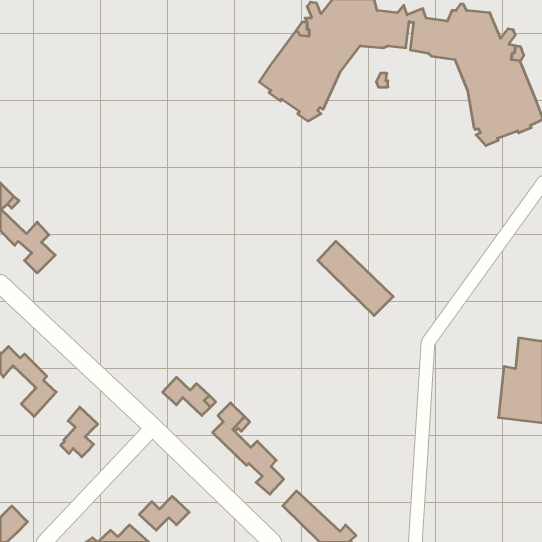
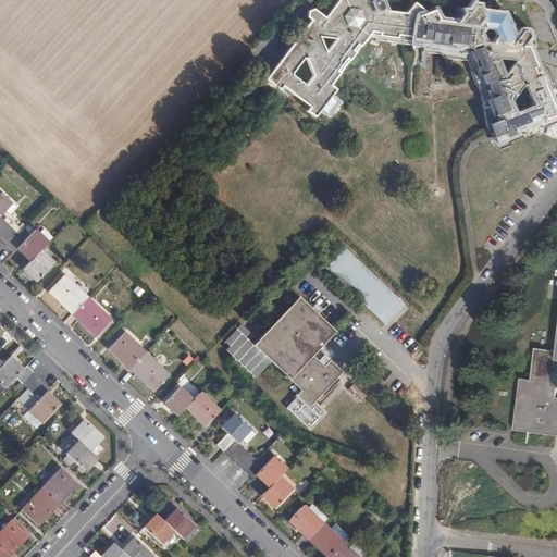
building: none -> [51,274,113,336]
building: none -> [224,295,342,429]
building: none -> [111,332,171,389]
building: none -> [22,466,78,523]

